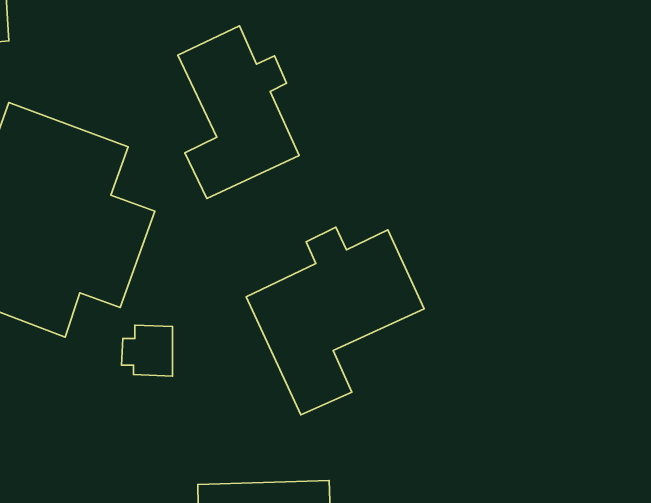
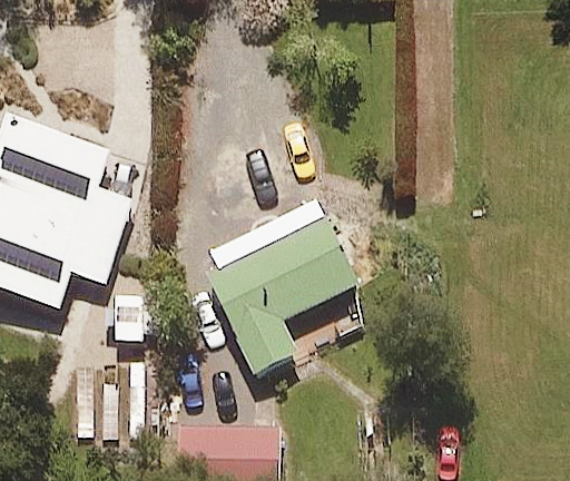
building: [178,26,299,198] -> none

